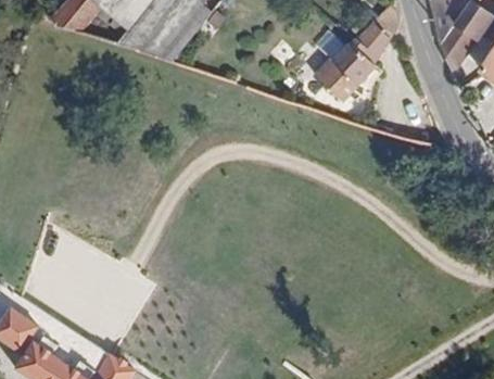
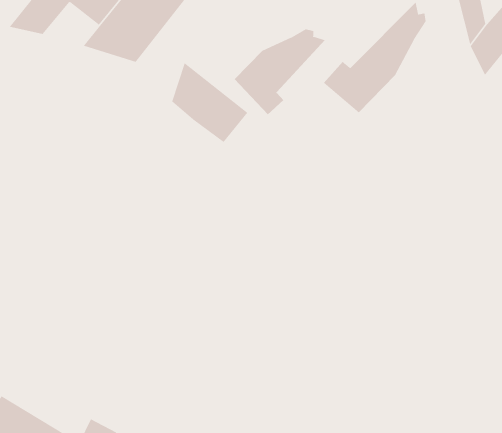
building: none -> [234,28,326,115]
building: none -> [172,62,248,143]

